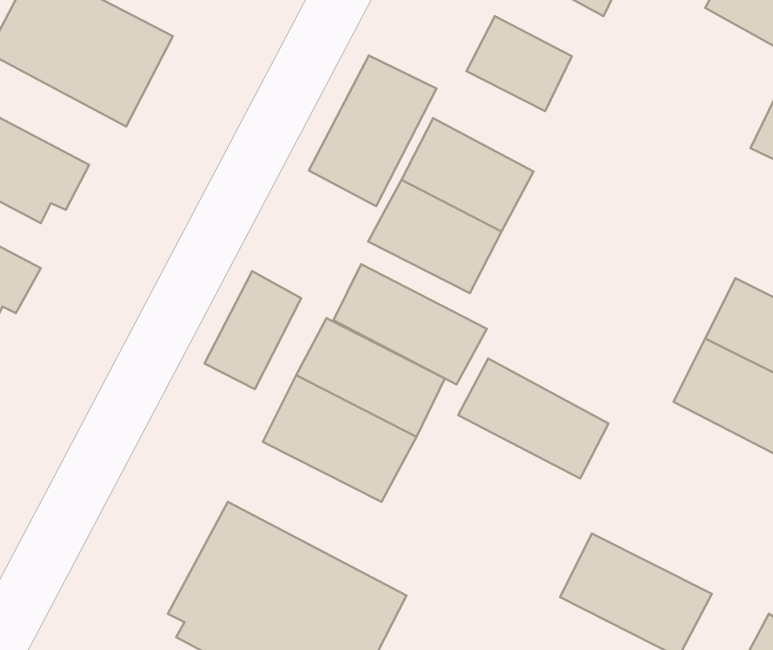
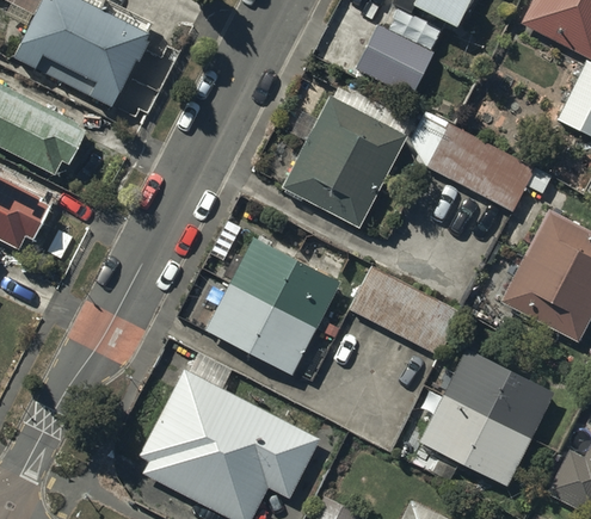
building: [309,55,436,206] -> none
building: none -> [423,128,530,212]
building: [333,264,487,384] -> none
building: [205,271,301,389] -> none
building: none -> [445,353,553,439]

